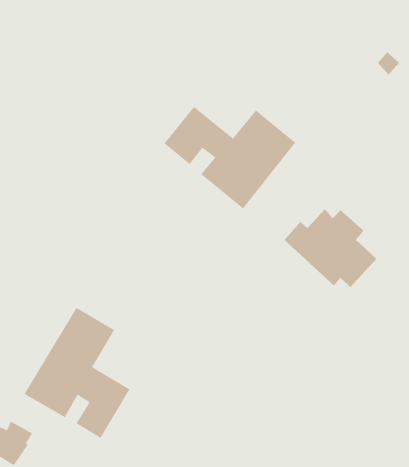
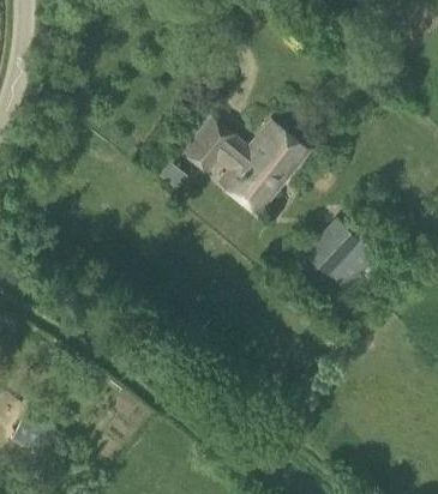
building: [23,307,131,439] -> none

